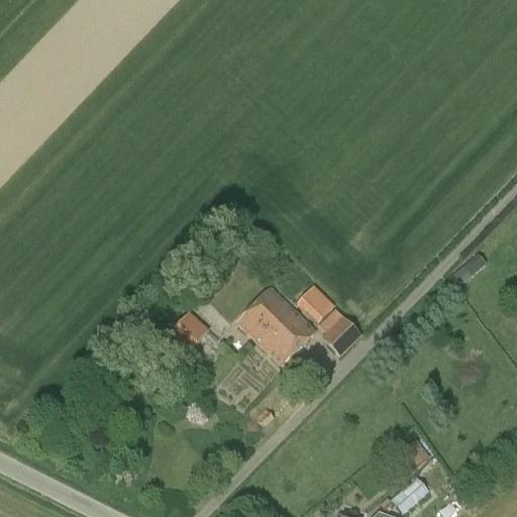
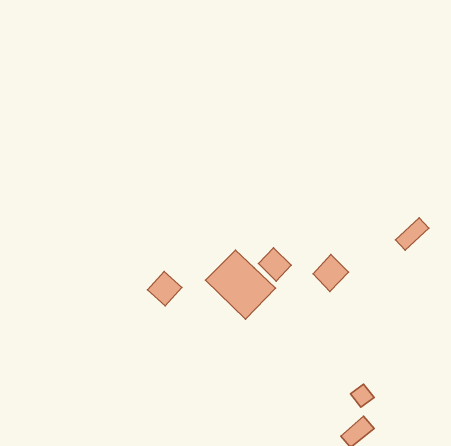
building: [320,315,360,357] -> [313,254,348,291]

